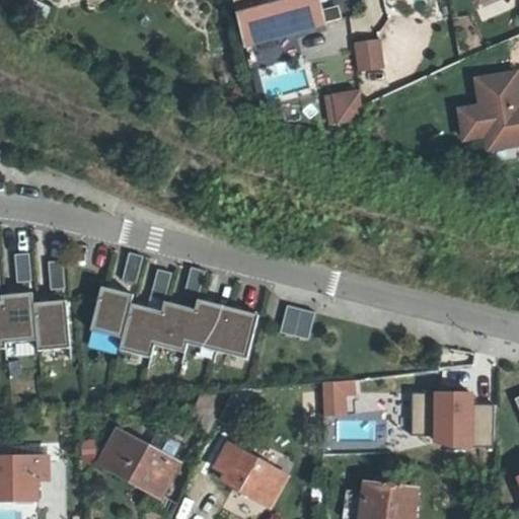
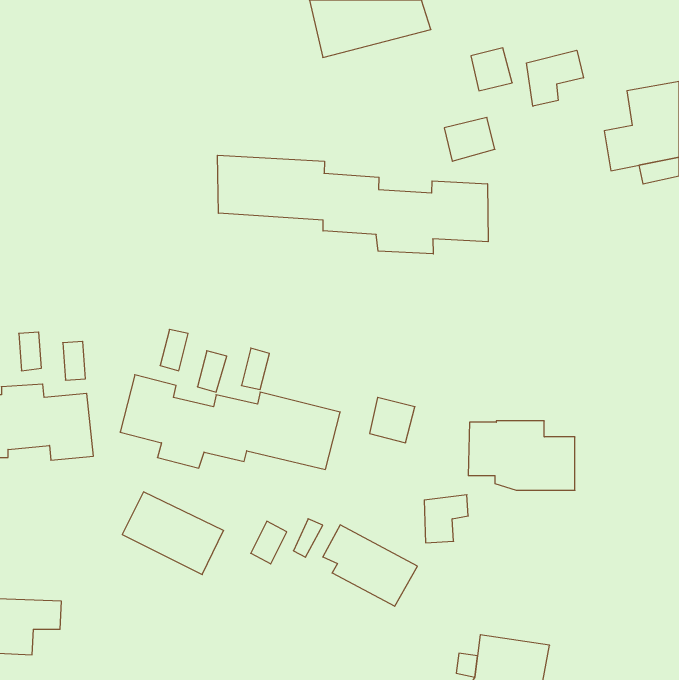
building: none -> [527,50,583,106]
building: none -> [218,155,488,254]
building: [410,391,491,444] -> [468,421,575,490]
building: [98,432,175,495] -> [122,492,224,575]
building: [214,444,286,506] -> [323,525,417,606]

